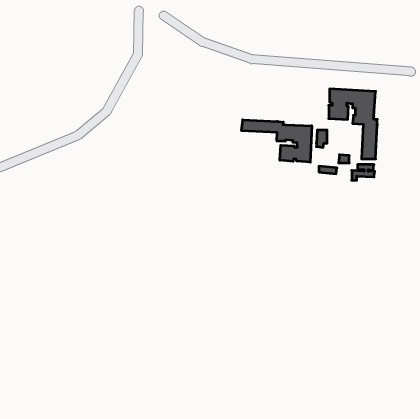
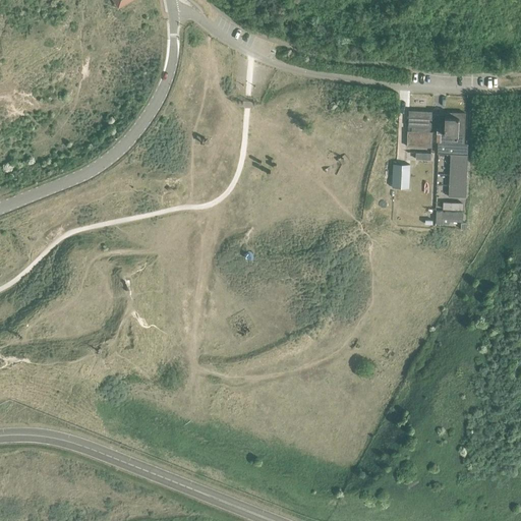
building: [242,120,312,162] -> none

